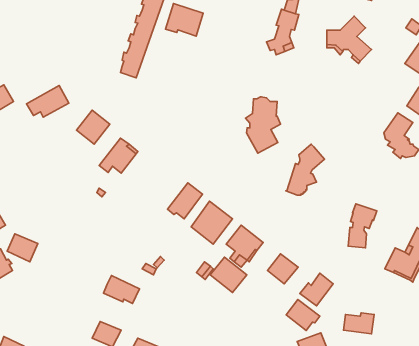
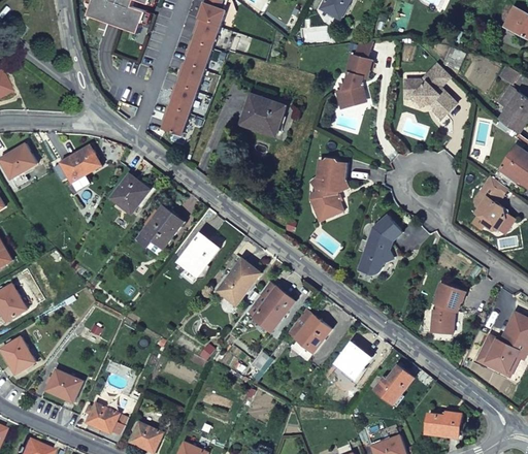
building: [165,4,203,36] -> [240,94,285,132]
building: none -> [179,234,218,274]
building: [7,234,38,262] -> [45,369,81,402]
building: [210,257,247,293] -> none
building: [104,276,140,304] -> [87,402,129,435]
building: [286,299,320,331] -> none

